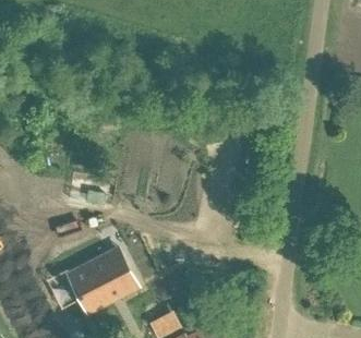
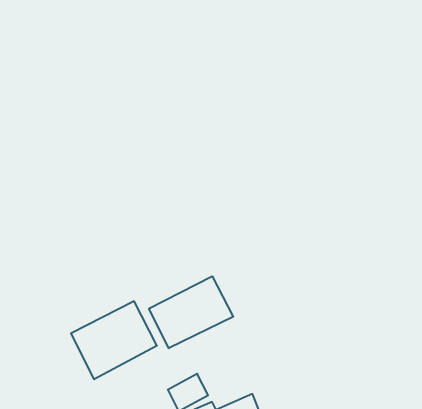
building: none -> [149,276,233,348]

